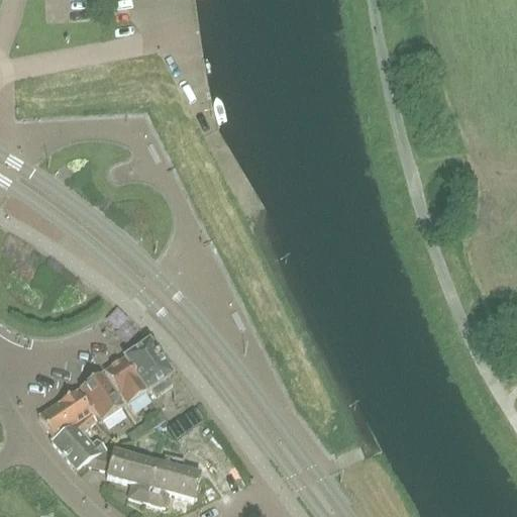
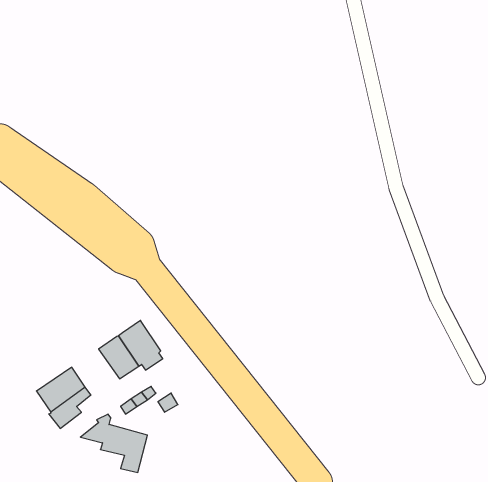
building: [77,372,122,419] -> none
building: [65,435,105,468] -> none
building: [146,459,201,504] -> none

